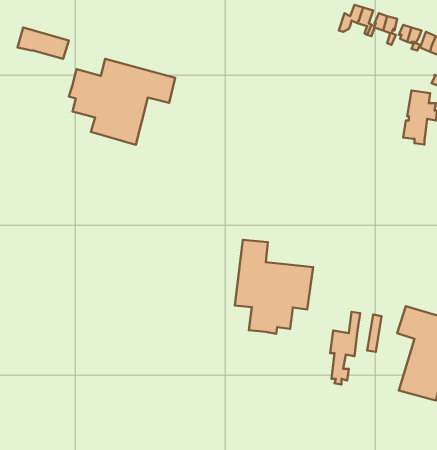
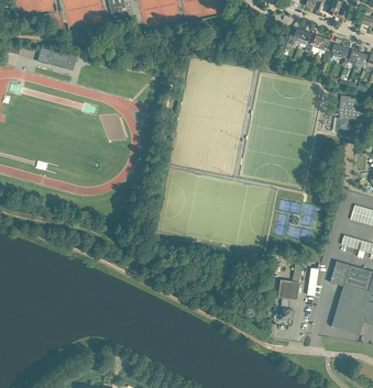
building: [69,59,175,145] -> none
building: [235,240,313,334] -> none

